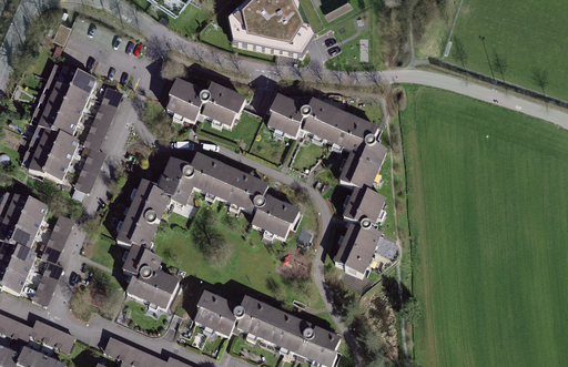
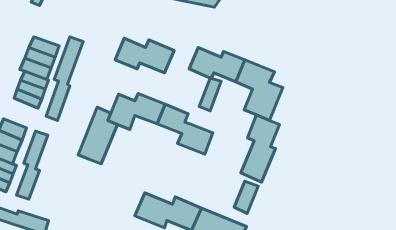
building: [54,65,94,93] -> none
building: none -> [199,78,221,111]
building: [119,246,179,312] -> none
building: none -> [234,181,258,214]

